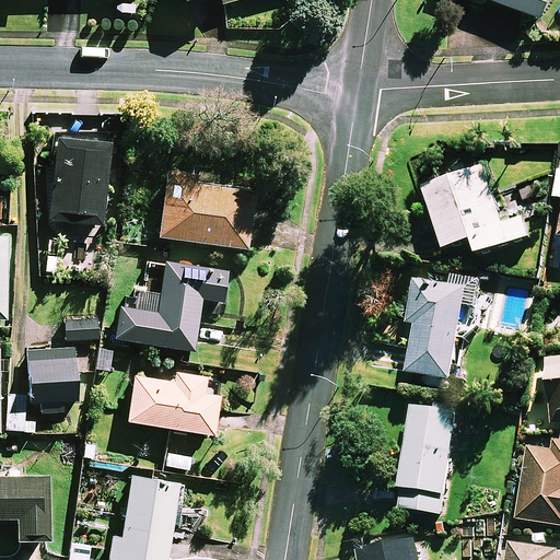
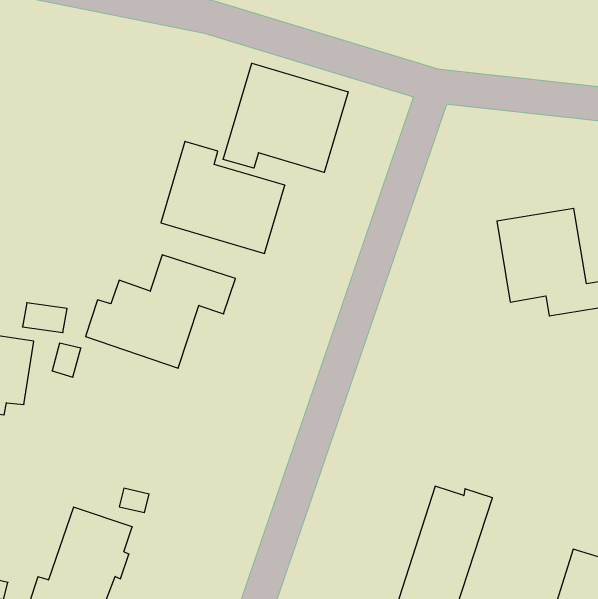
building: none -> [223,63,348,172]
building: [48,138,108,225] -> none
building: [409,275,486,383] -> none
building: [127,369,218,433] -> none

